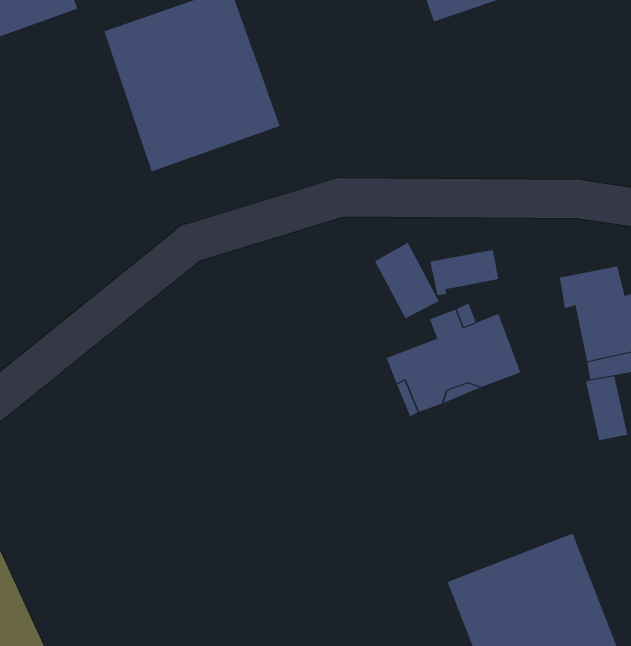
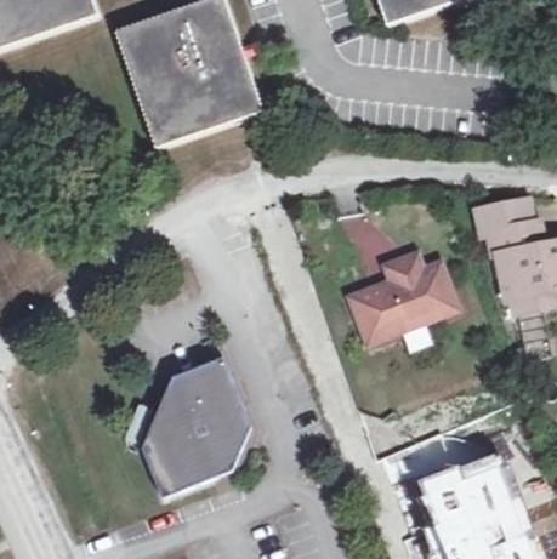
building: [429,250,499,296] -> [476,199,533,236]
building: none -> [142,356,250,497]

